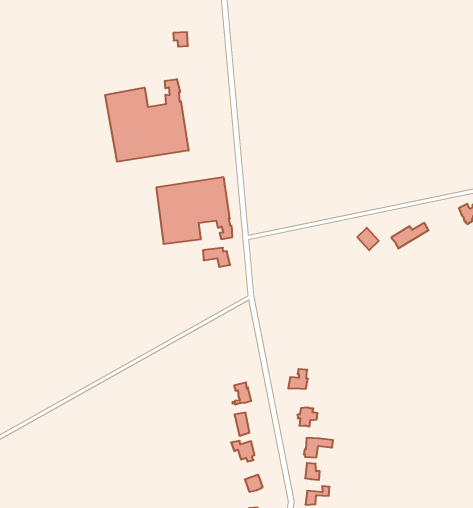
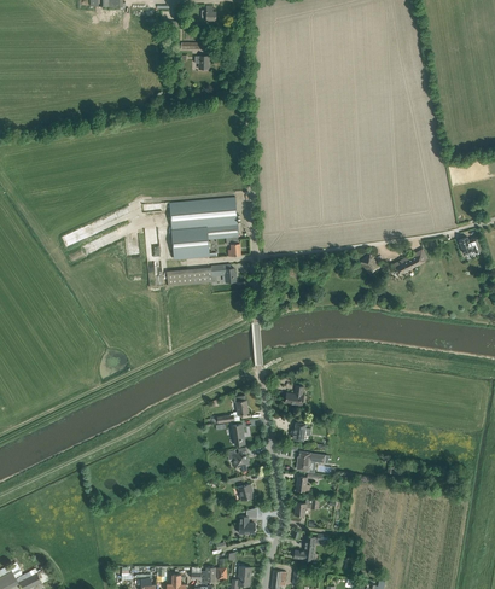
building: [105,79,189,162] -> none

